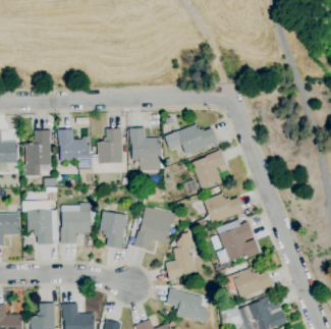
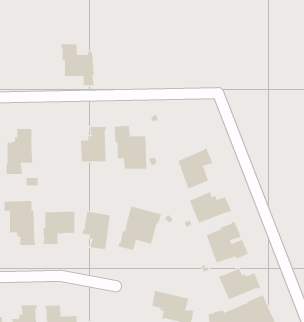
building: [164,123,217,154] -> none
building: [57,129,90,170] -> [61,44,94,86]
building: [165,232,196,279] -> none

